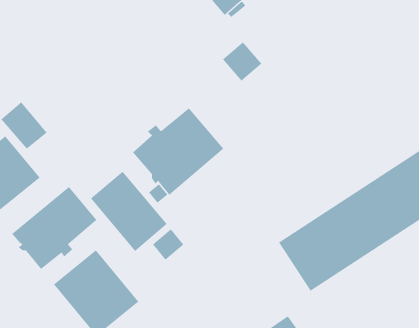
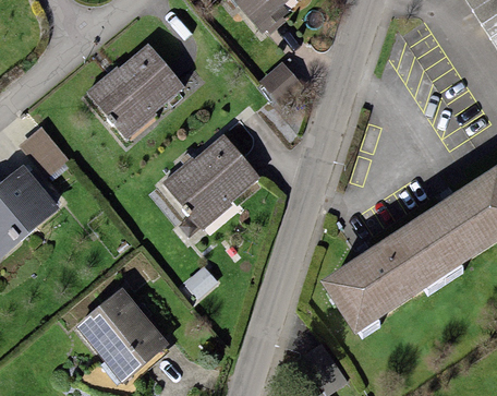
building: none -> [87,43,185,136]
building: [90,171,167,252] -> none
building: [11,186,97,270] -> none

